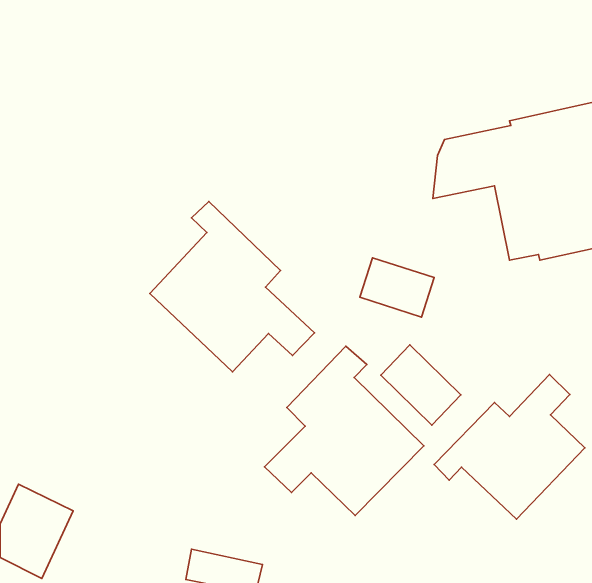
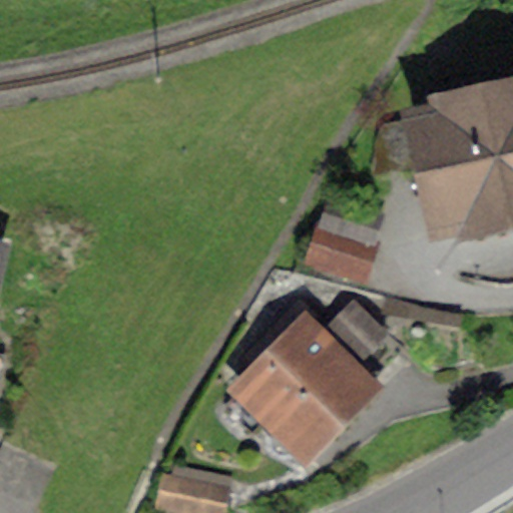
building: [150,202,314,372] -> none
building: [434,374,585,519] -> none

